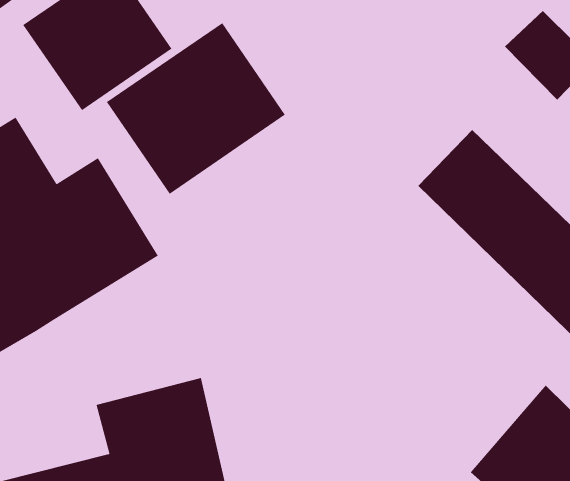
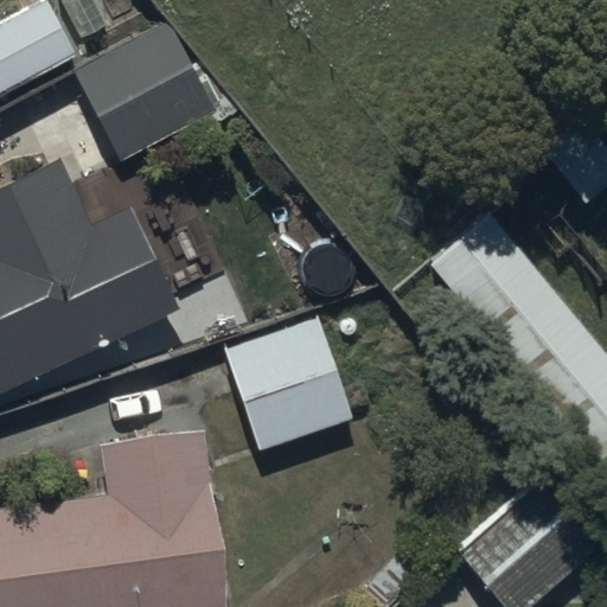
building: [106,22,286,195] -> none
building: none -> [223,319,353,452]

